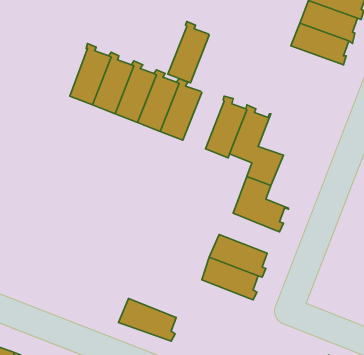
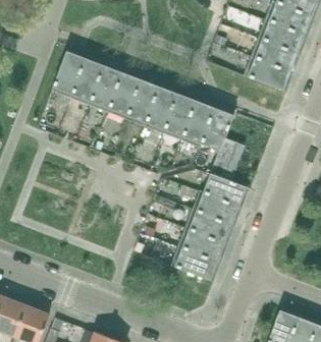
building: [168,21,209,83] -> [163,91,197,140]
building: none -> [51,48,86,98]
building: none -> [244,57,290,92]
building: none -> [193,191,238,226]
building: [119,299,176,341] -> [170,246,217,281]

